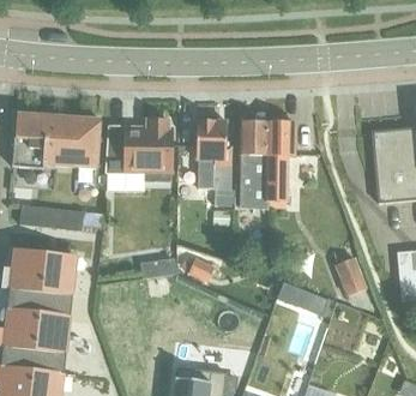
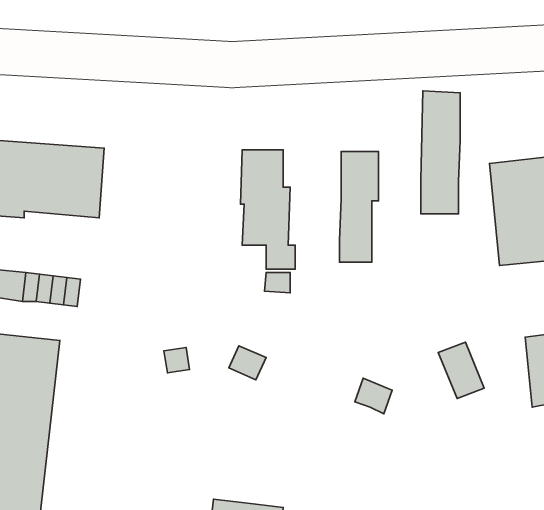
building: [107,120,171,180] -> none
building: [240,120,267,206] -> [421,91,460,214]

